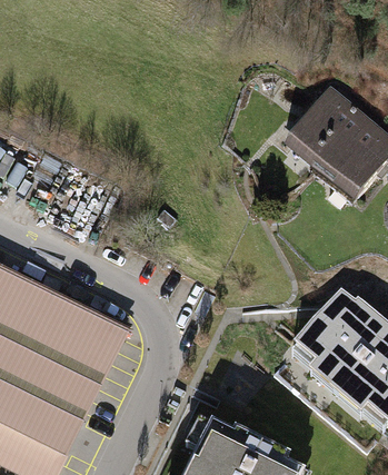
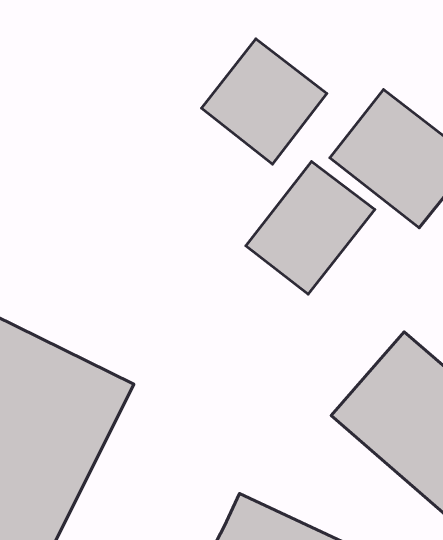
building: none -> [202,39,327,164]
building: none -> [246,161,375,294]

